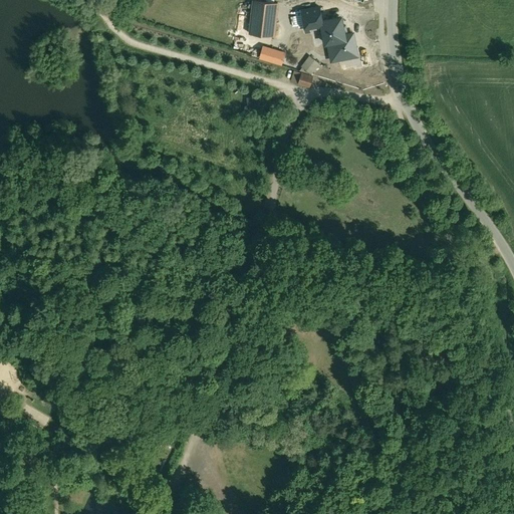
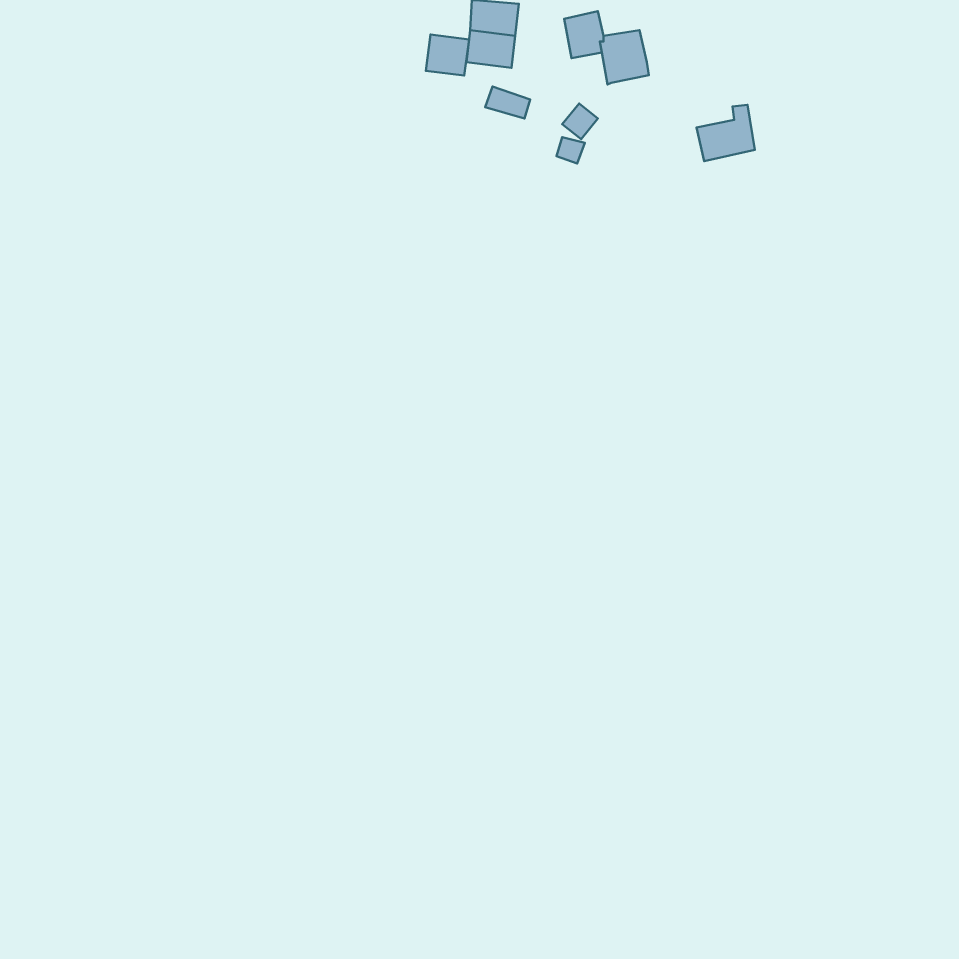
building: none -> [426,35,469,76]
building: [326,33,357,63] -> [697,105,755,161]

